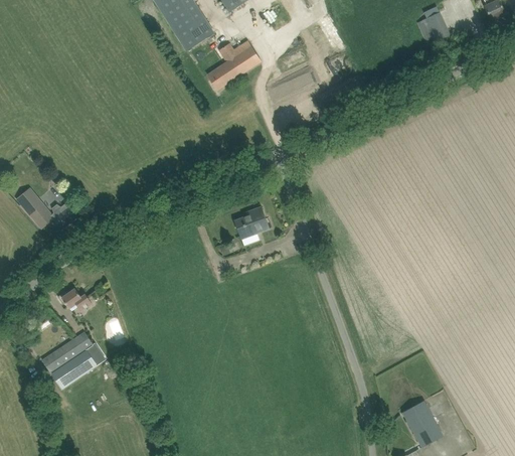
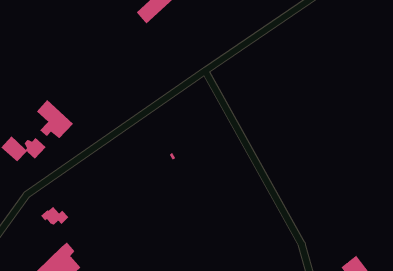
building: none -> [36,99,74,139]
building: [234,206,269,238] -> none

